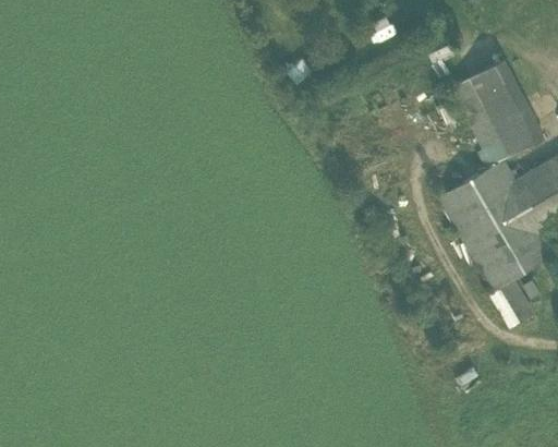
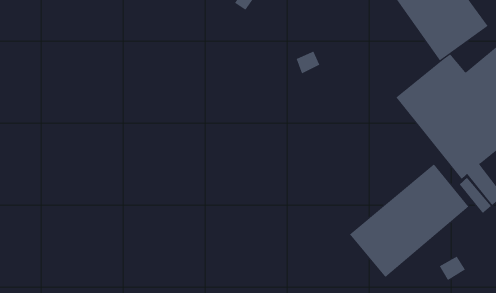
building: none -> [349,164,469,278]

